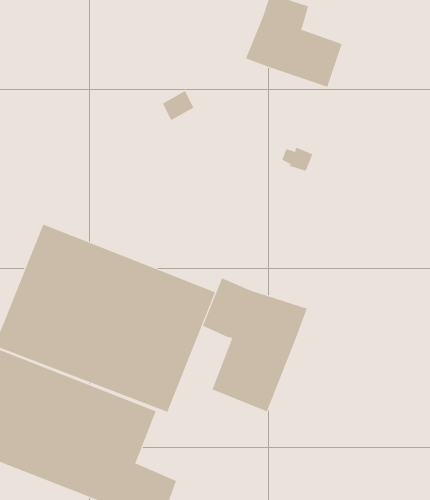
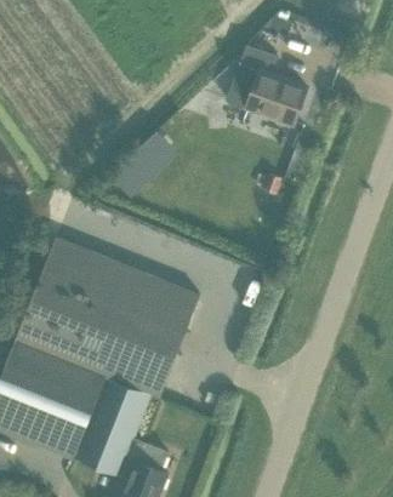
building: [202,278,307,412] -> none

